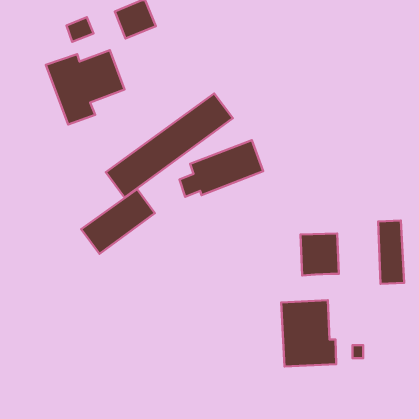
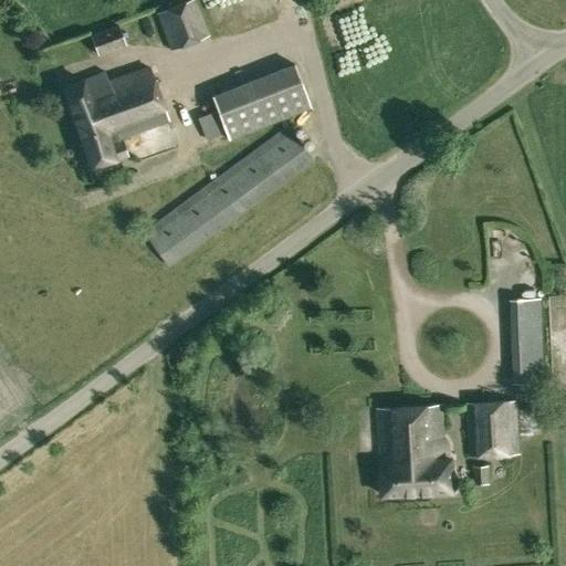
building: [180,140,263,197] -> [198,65,311,142]
building: [81,189,155,254] -> none
building: [300,234,339,275] -> [467,400,518,457]

